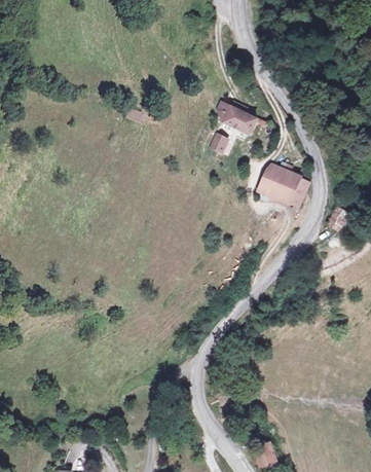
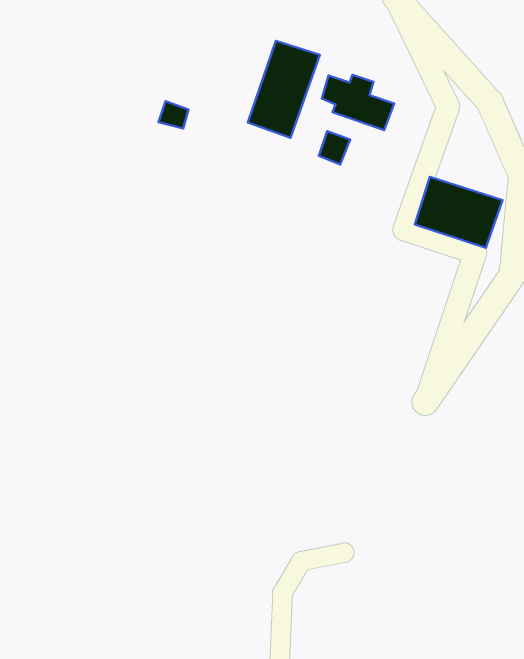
building: none -> [248,41,320,138]

